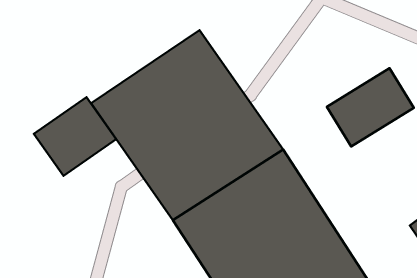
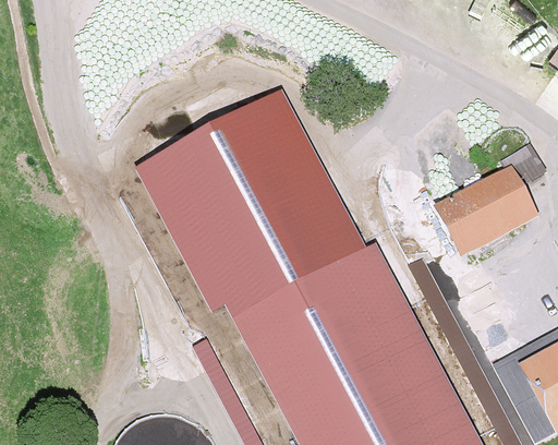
building: [34,97,116,176] -> none

